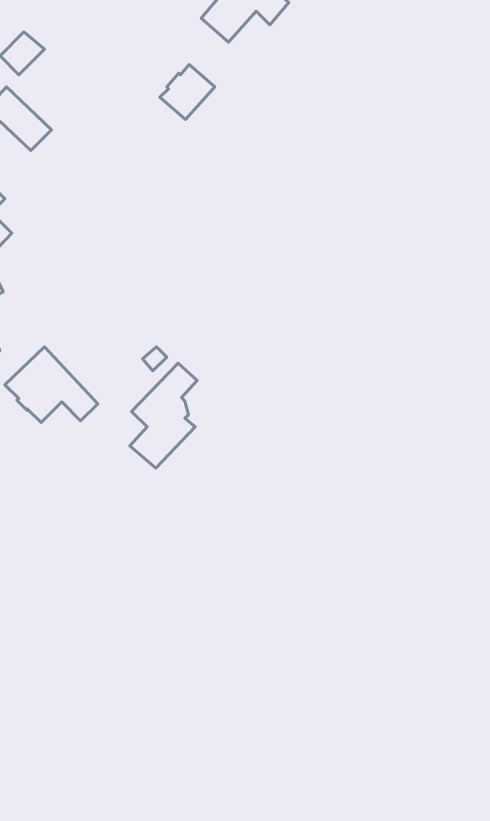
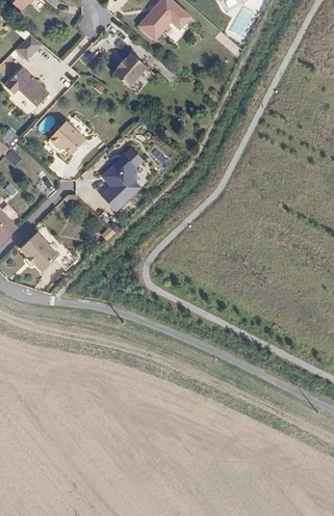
building: none -> [49,120,85,155]
building: [130,363,197,468] -> [99,145,139,209]

